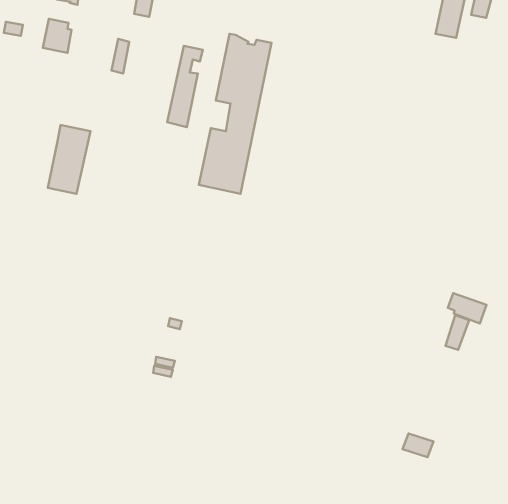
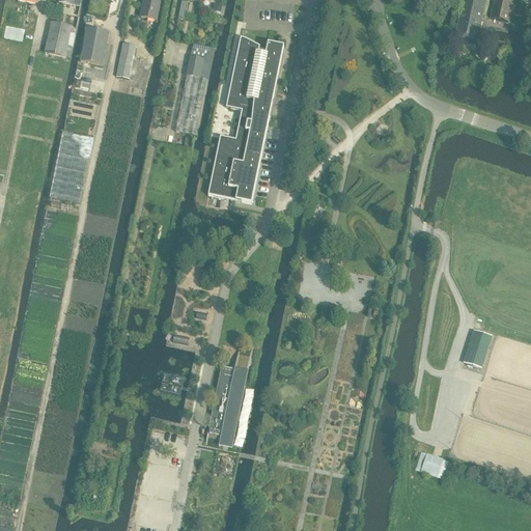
building: none -> [80,26,108,62]
building: [448,293,486,323] -> none
building: none -> [207,352,250,441]

